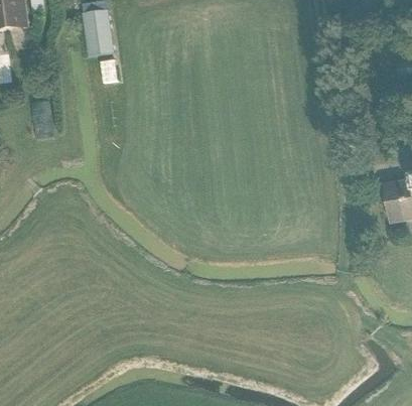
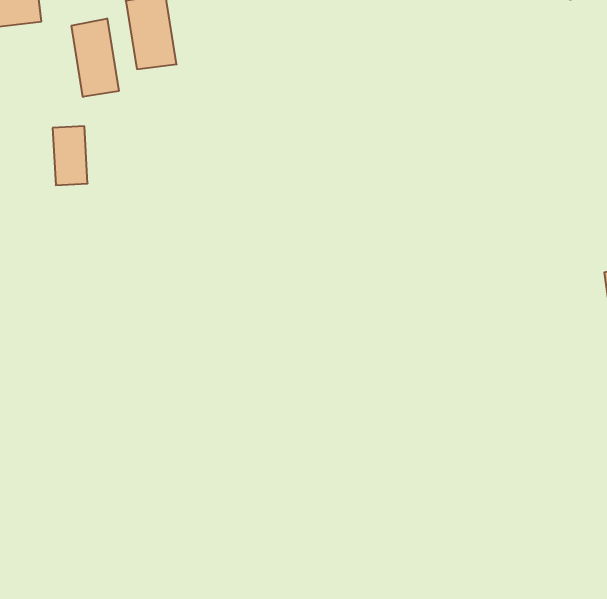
building: none -> [72,18,119,97]

